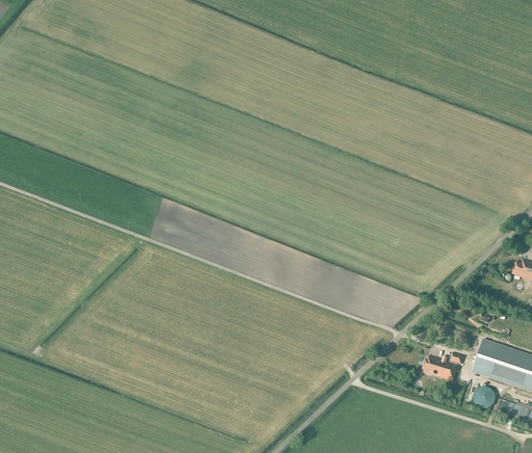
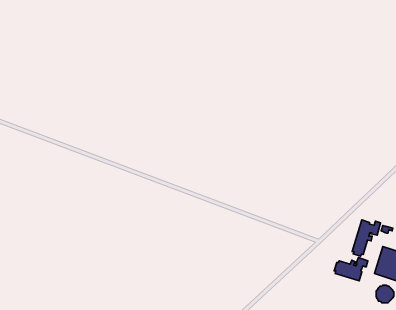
building: none -> [352,220,380,256]

